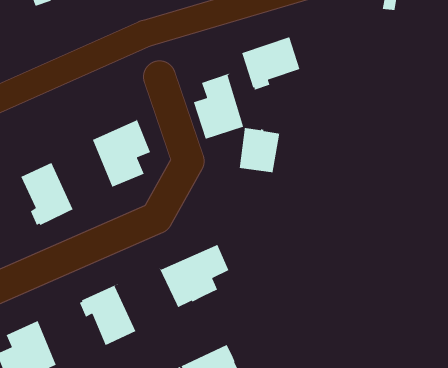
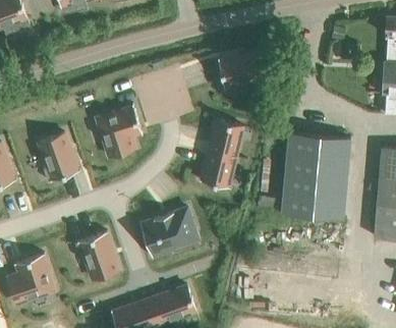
building: [193,73,244,140] -> none
building: none -> [284,139,352,216]
building: none -> [200,151,235,187]

